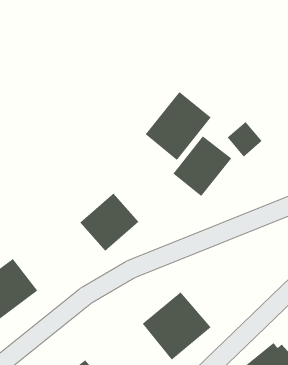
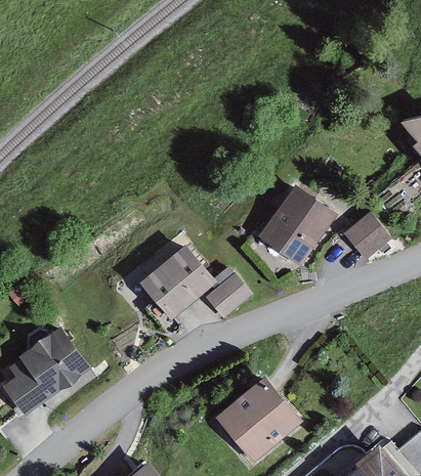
building: [145,91,212,161] -> none
building: [227,121,263,158] -> [344,214,388,259]
building: none -> [204,275,251,320]

